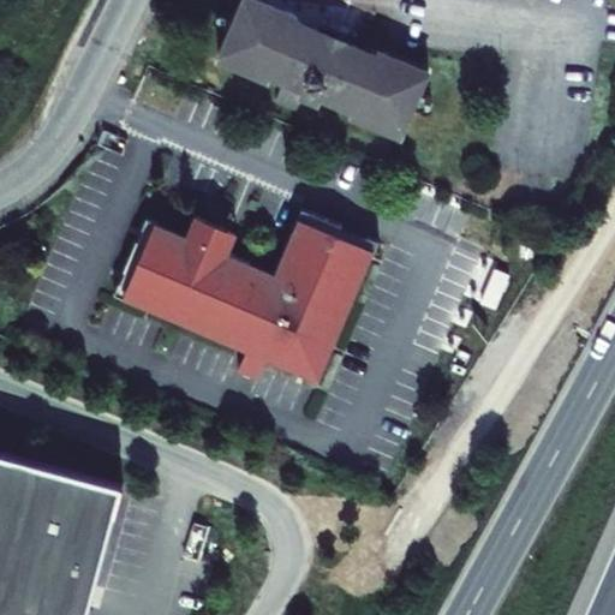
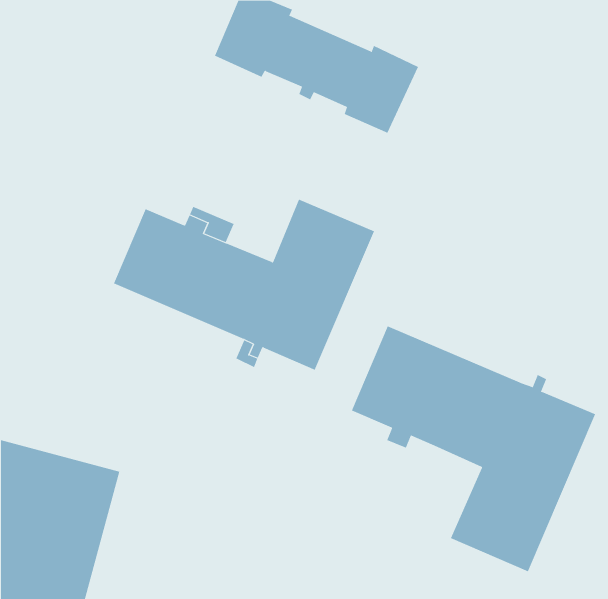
building: none -> [351,325,596,572]

